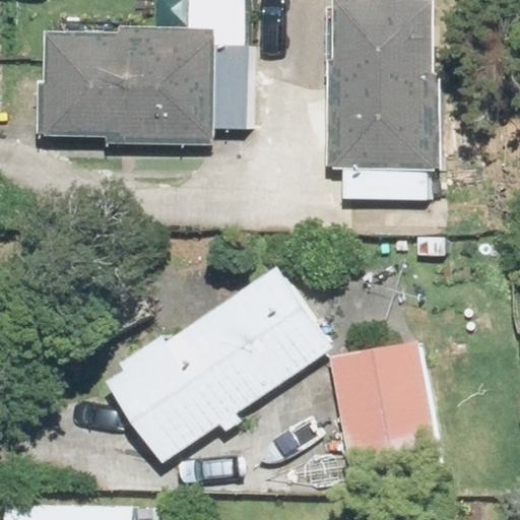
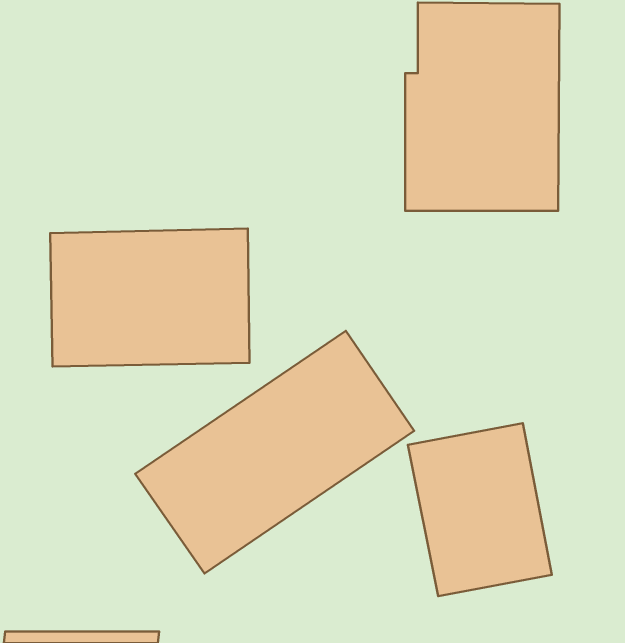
building: [39,29,210,142] -> none
building: none -> [50,229,249,366]

